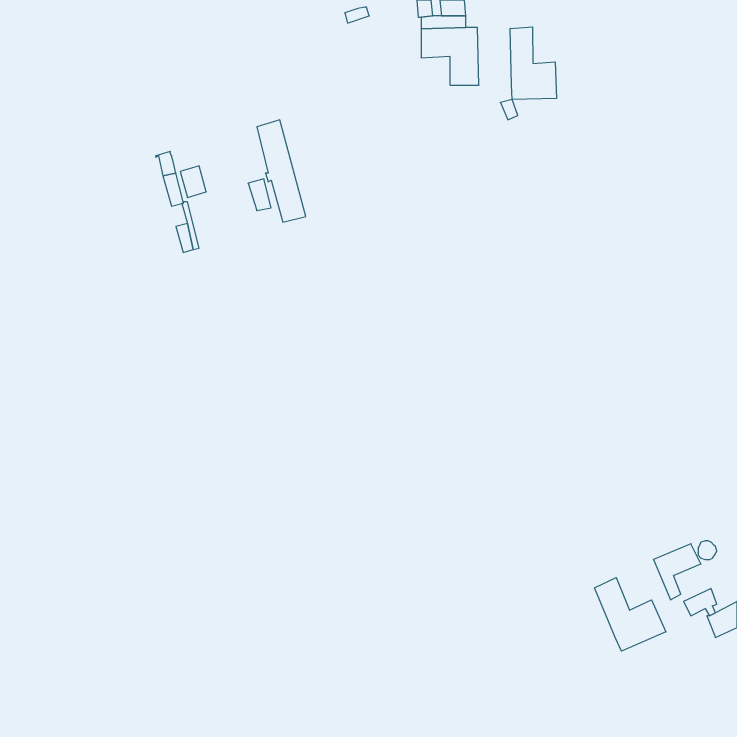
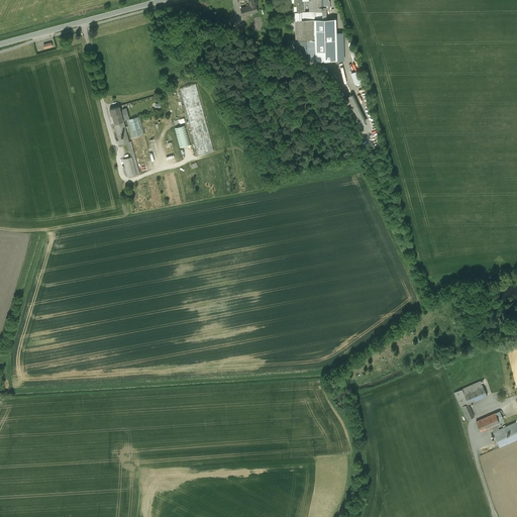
building: [510,27,557,100] -> none
building: [594,578,666,651] -> none

